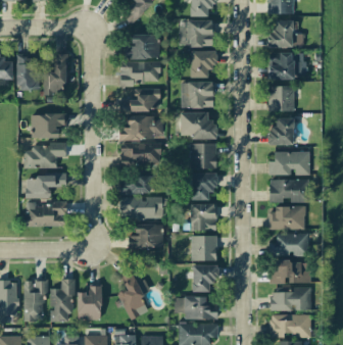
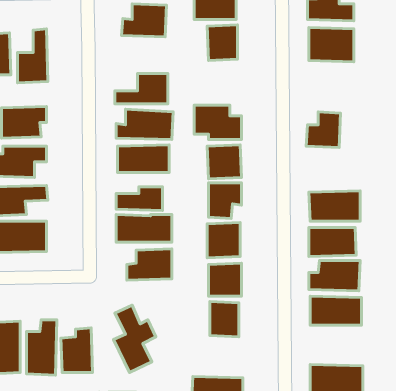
building: [121,61,160,84] -> none
building: [181,82,214,108] -> none
building: [268,86,295,111] -> none
building: [268,151,310,175] -> none
building: [271,287,311,310] -> none
building: [175,297,217,319] -> none

